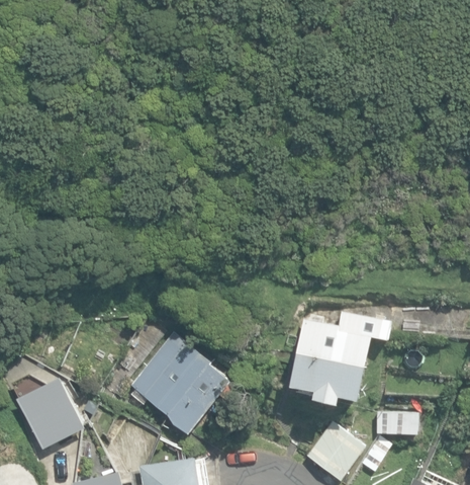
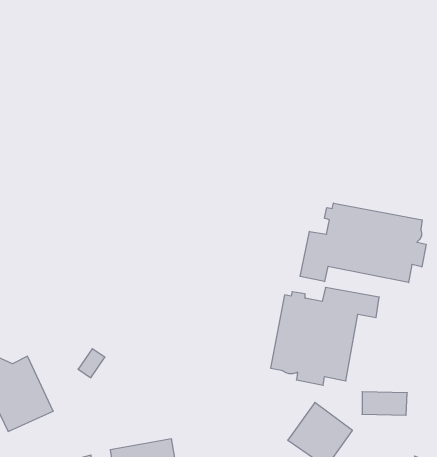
building: none -> [300,203,426,283]
building: [130,332,230,434] -> none

